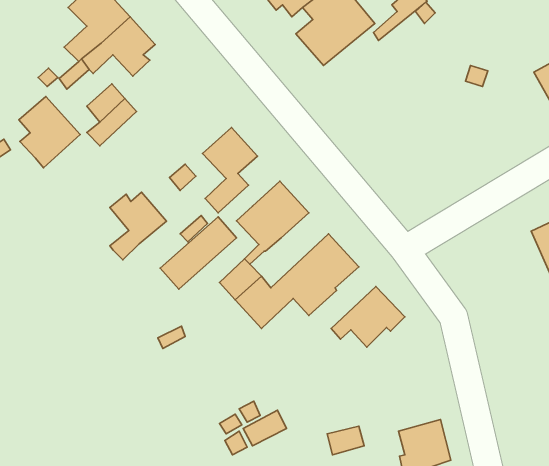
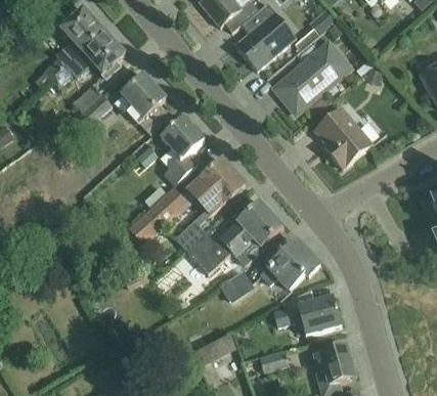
building: none -> [274,42,349,112]
building: none -> [123,74,169,133]
building: [19,96,80,168] -> none
building: none -> [314,105,372,167]
building: [110,192,166,260] -> none
building: none -> [219,271,253,304]
building: none -> [273,290,341,334]

